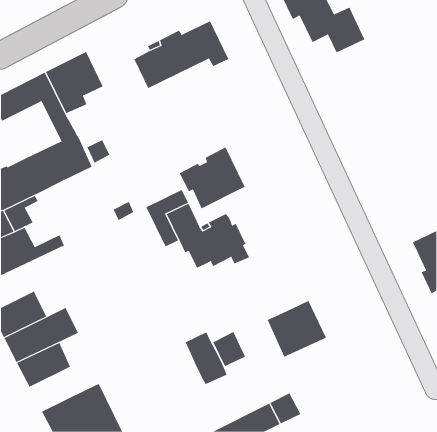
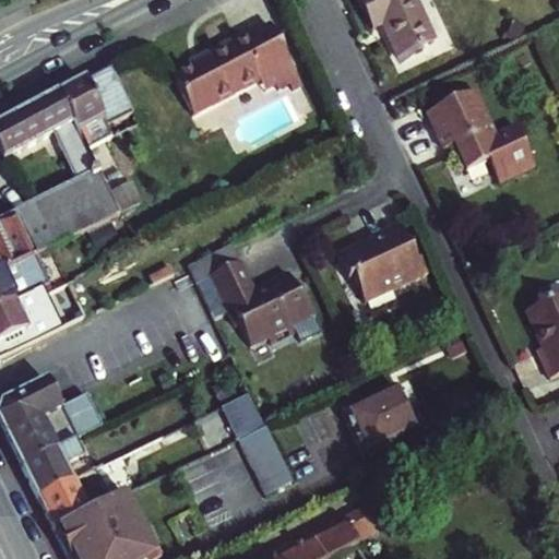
building: none -> [428,87,537,180]
building: [179,147,246,209] -> [337,222,423,301]
building: [212,331,246,367] -> [221,391,263,437]
building: none -> [37,466,110,525]

